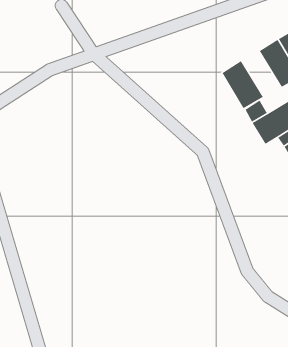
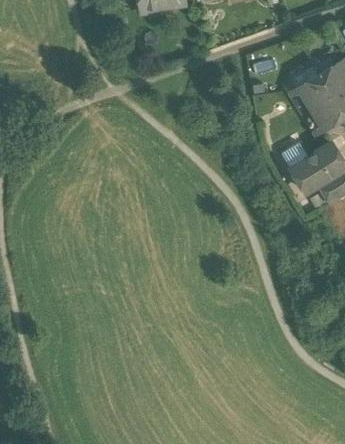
building: [222,60,264,109] -> none

